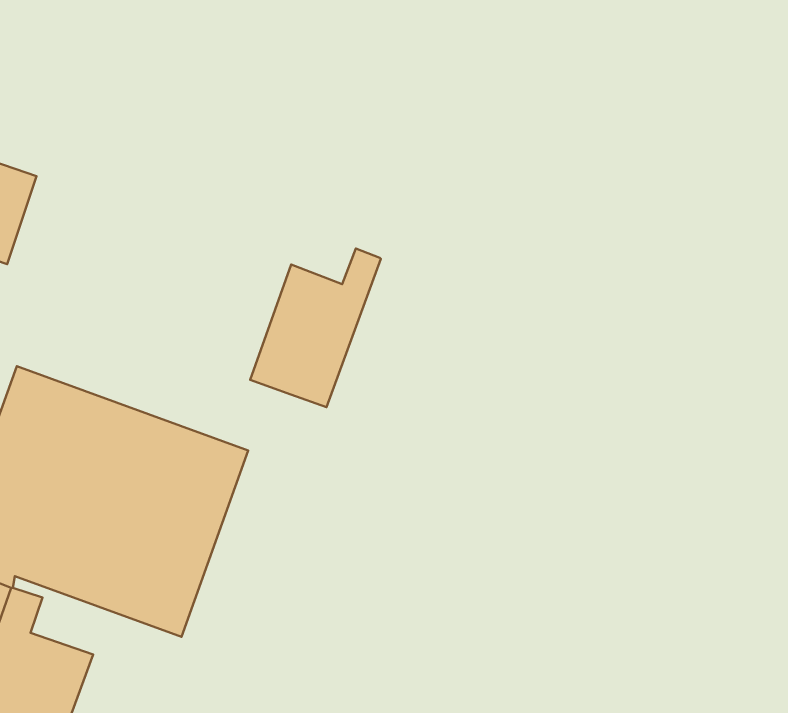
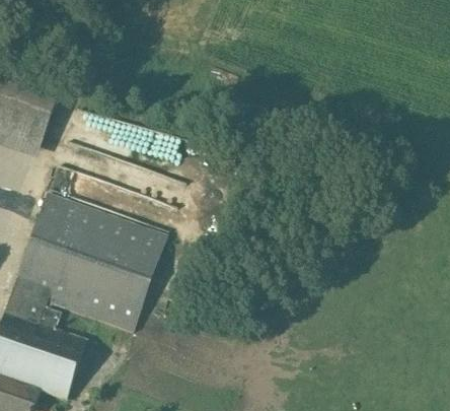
building: [250,248,381,407] -> none

